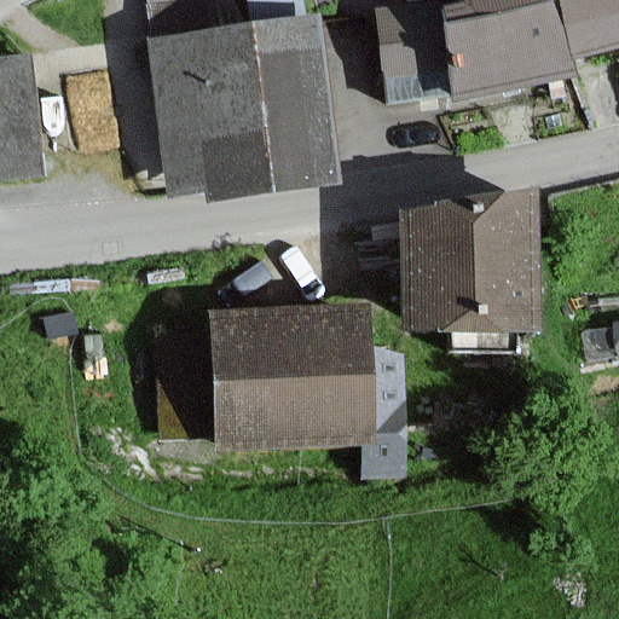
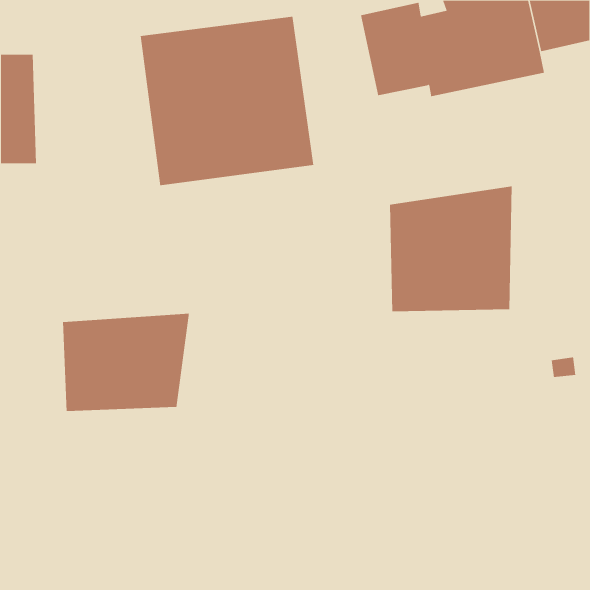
building: [215,312,372,441] -> none
building: none -> [62,313,190,412]

